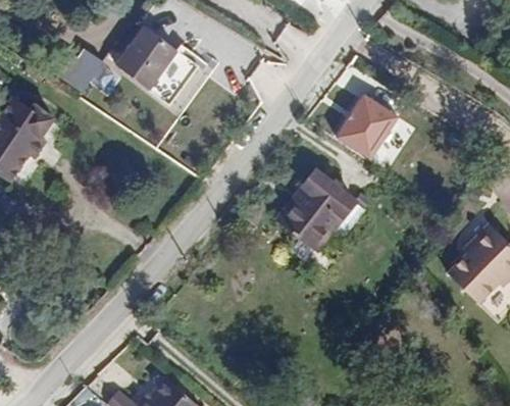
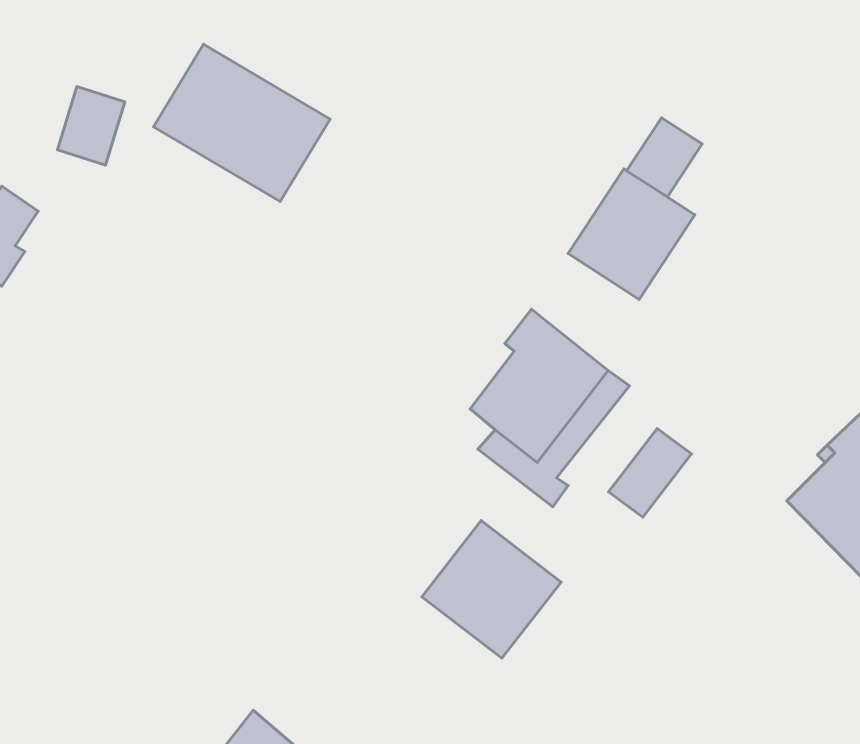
building: none -> [627,118,702,197]
building: none -> [609,429,692,517]
building: none -> [422,521,561,658]

